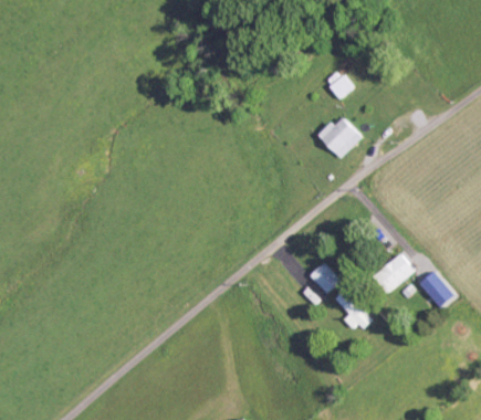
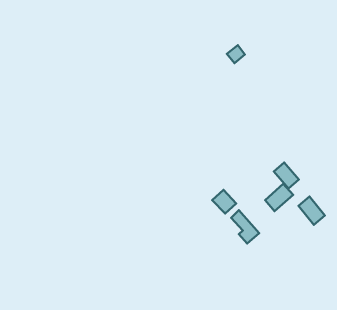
building: [317,114,362,157] -> none
building: none -> [274,163,299,188]

